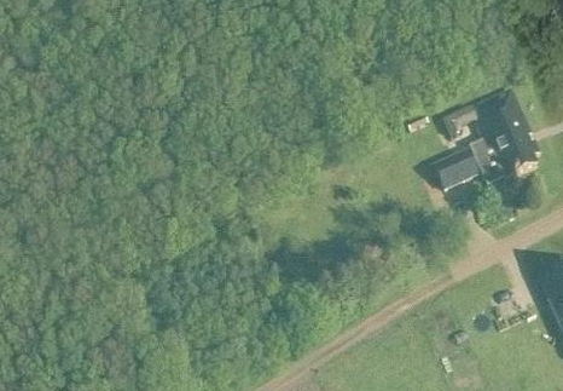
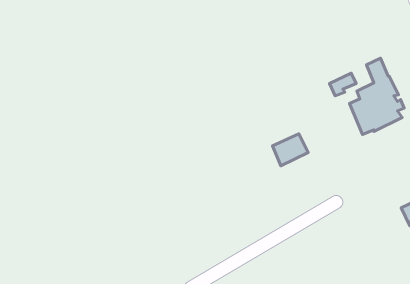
building: [435,148,481,189] -> [272,134,308,166]

